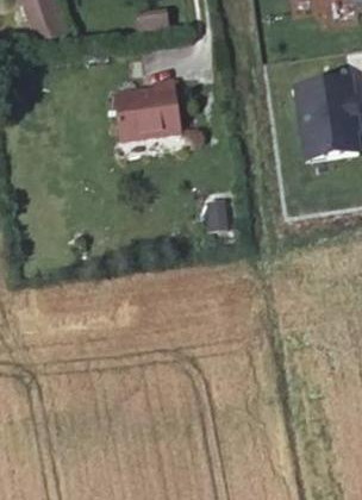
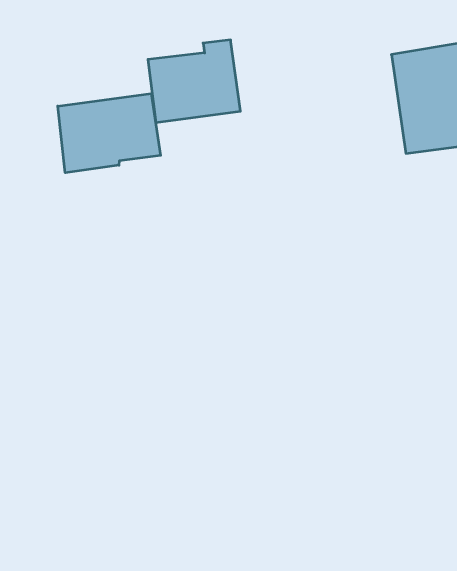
building: none -> [58,94,161,173]

